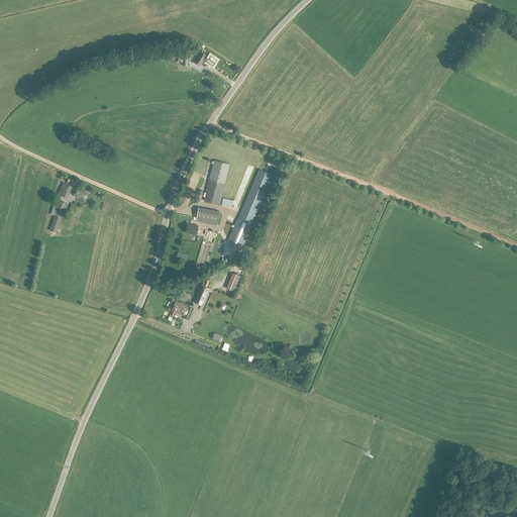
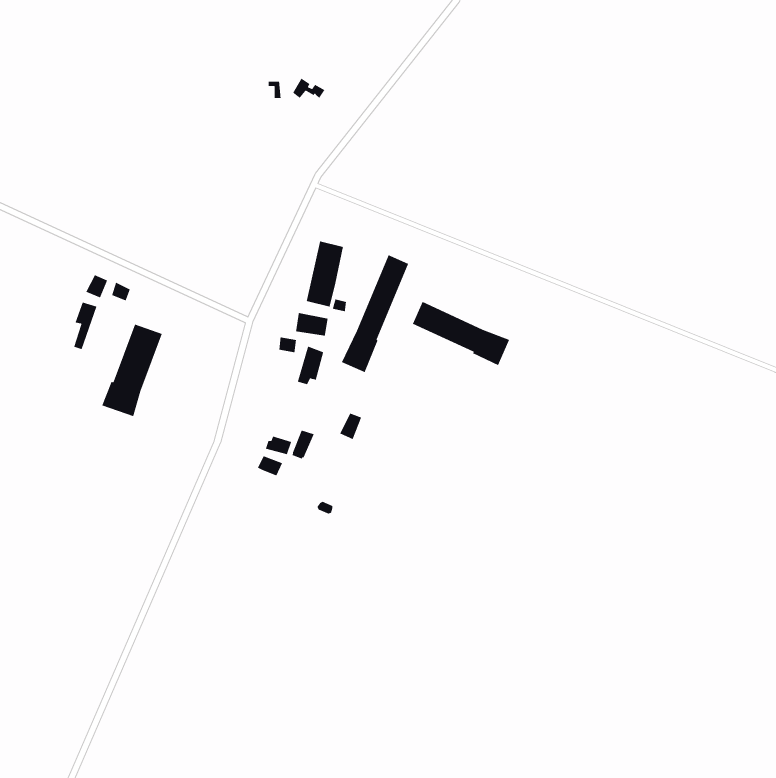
building: none -> [412,301,510,366]
building: none -> [101,323,163,417]

